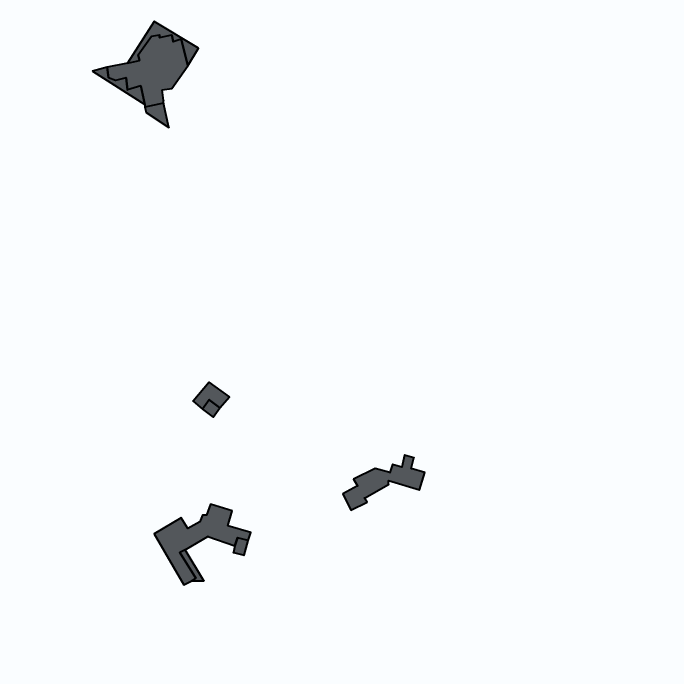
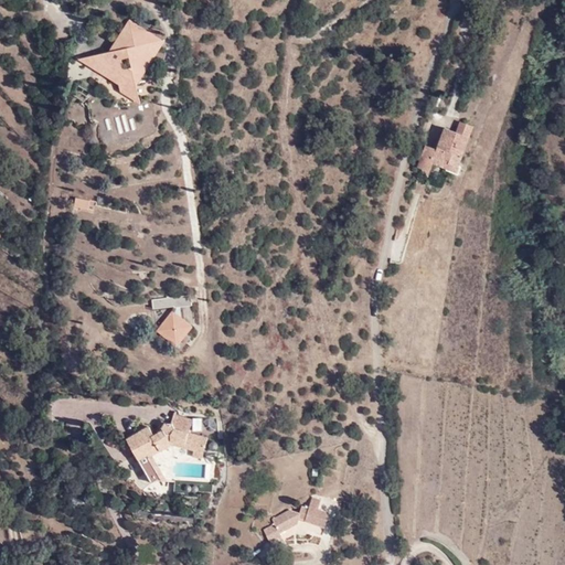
building: none -> [414,119,472,172]
building: [343,455,425,510] -> [260,499,328,544]

